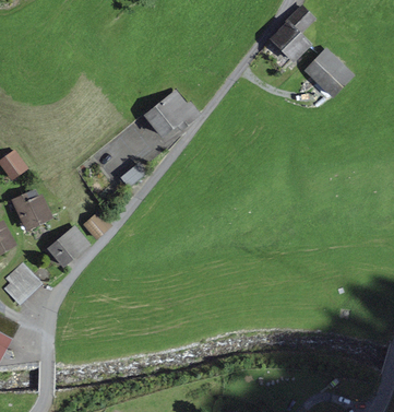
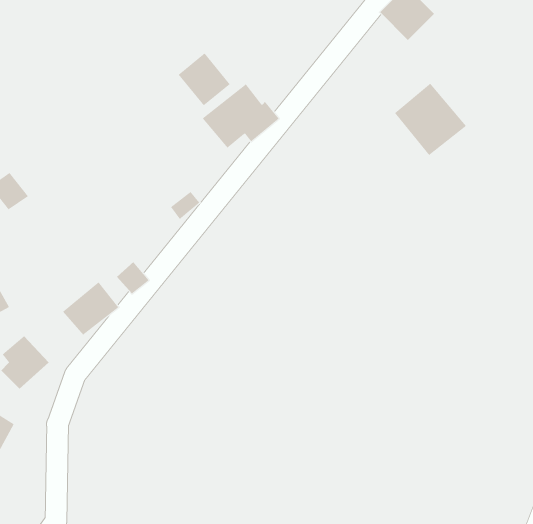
building: [299,46,349,96] -> [394,83,467,156]
building: none -> [178,53,231,106]
building: [15,193,52,228] -> none

